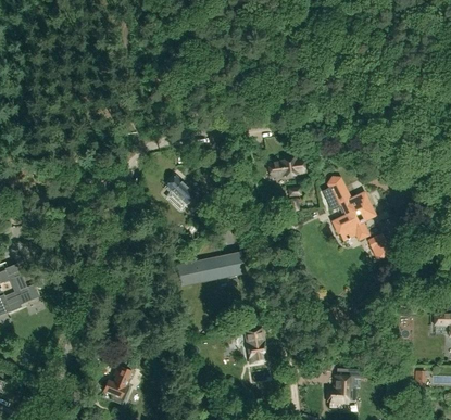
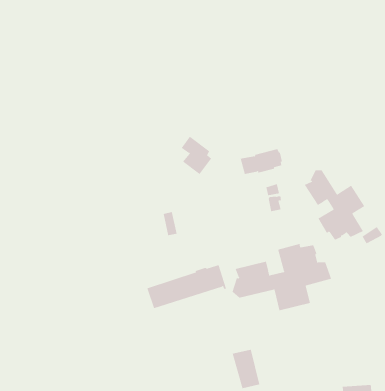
building: [167,175,195,209] -> [181,136,213,175]
building: none -> [232,243,332,311]

